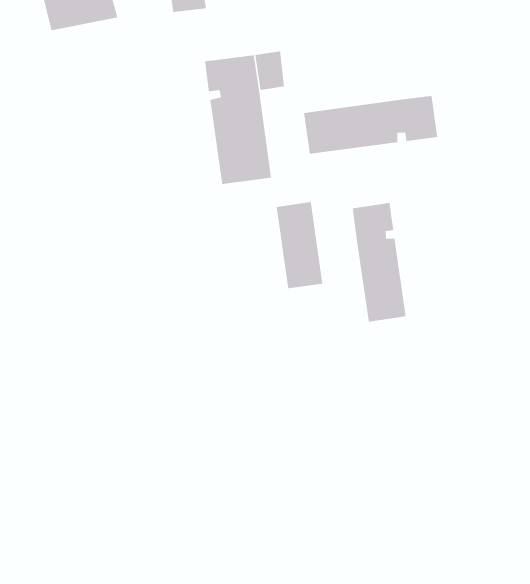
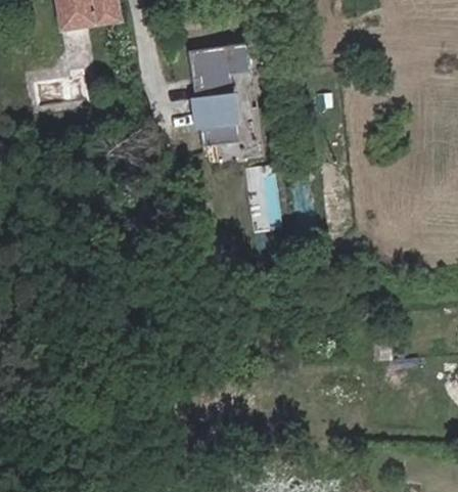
building: [303,95,438,155] -> none
building: [352,202,406,323] -> none

